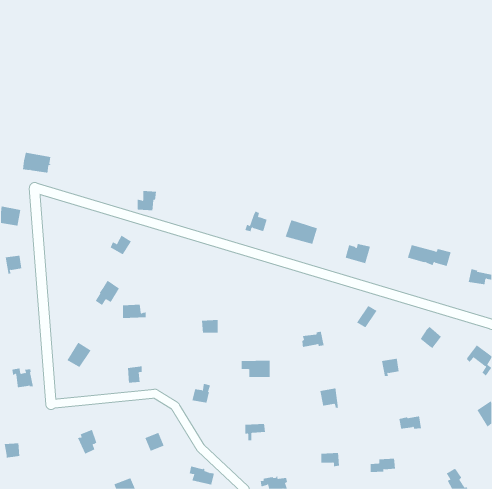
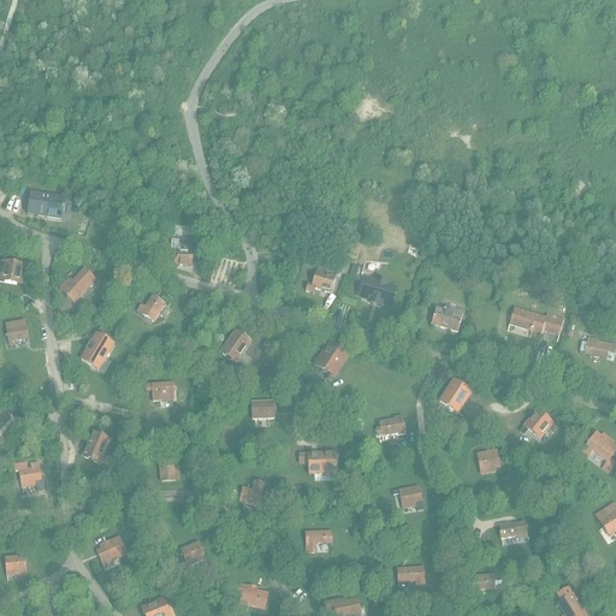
building: none -> [60,266,96,300]
building: none -> [220,327,251,361]
building: none -> [316,342,348,374]
building: [95,280,120,306] -> [81,331,112,363]

